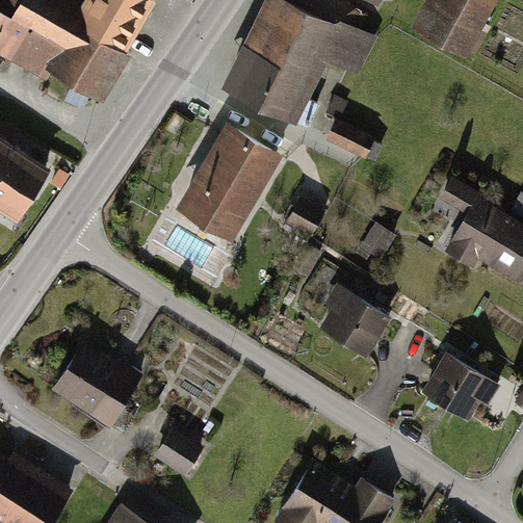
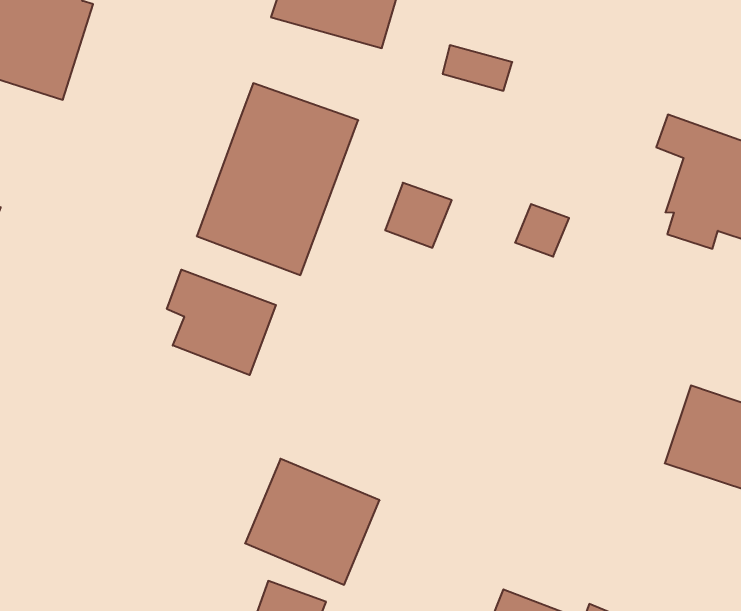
building: none -> [167,270,276,375]
building: [323,284,393,359] -> none
building: [53,343,139,426] -> [245,459,380,585]

